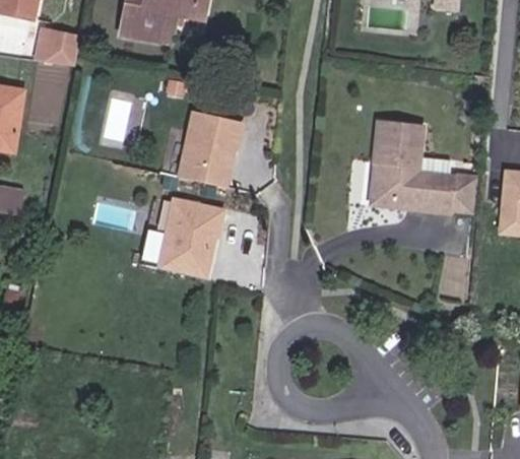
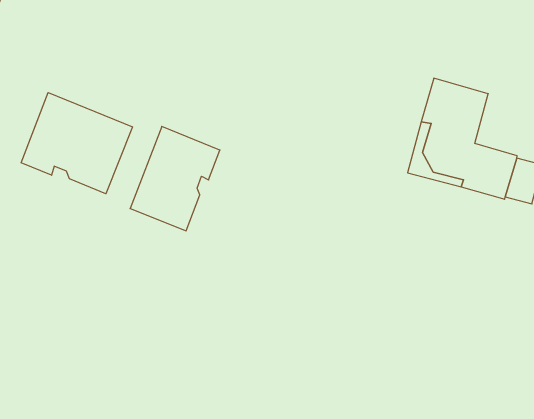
building: [174,115,237,189] -> none
building: none -> [21,93,132,194]

